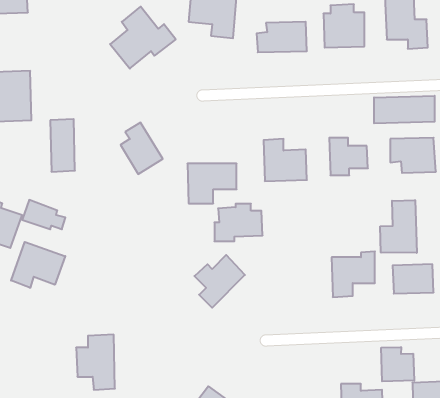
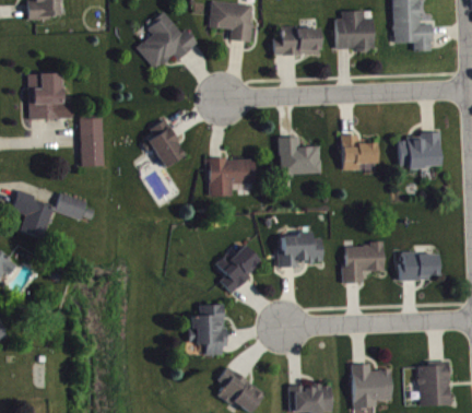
building: [374,96,435,123] -> none
building: [380,200,417,253] -> none
building: [214,204,263,241] -> [278,232,322,267]
building: [11,242,65,288] -> none
building: [76,335,115,390] -> [188,304,224,355]
building: [381,347,414,381] -> none

